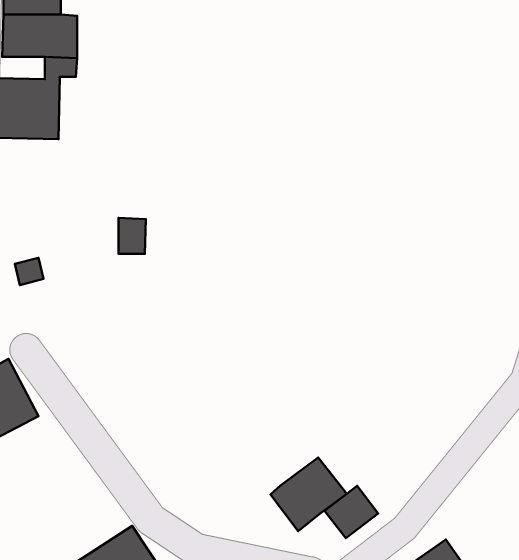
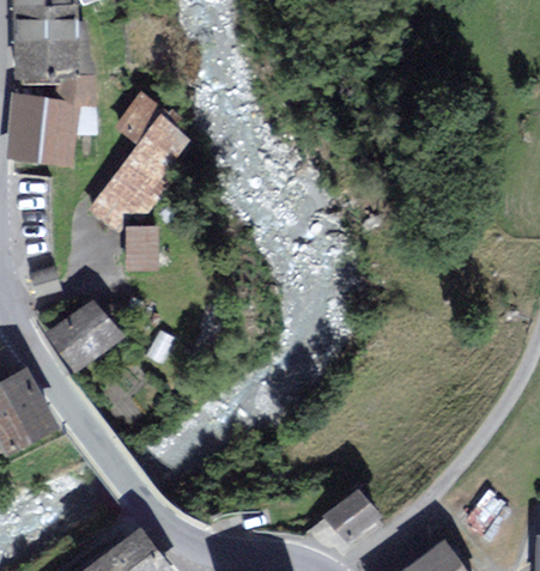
building: none -> [93,93,198,230]
building: none -> [50,309,119,376]
building: [270,458,347,531] -> none

